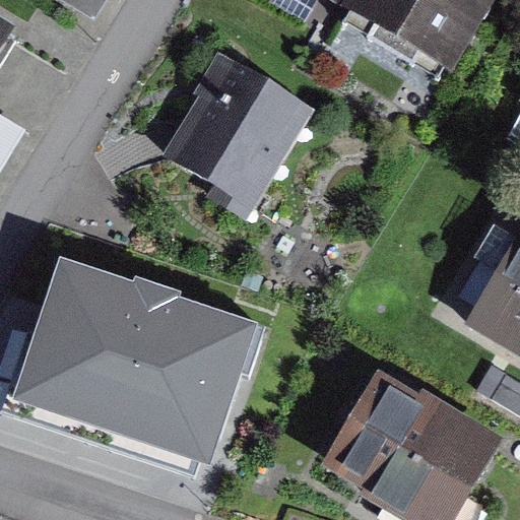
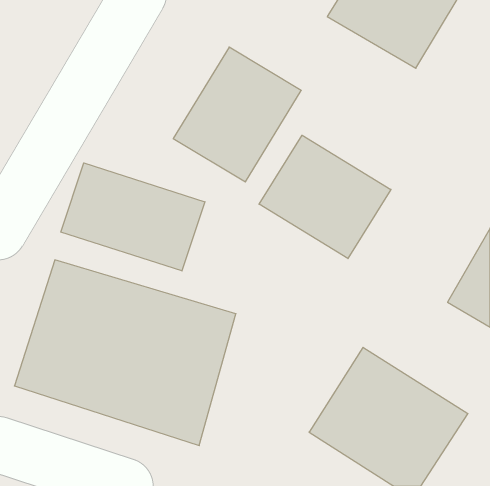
building: none -> [259,135,391,259]
building: none -> [61,163,205,271]

